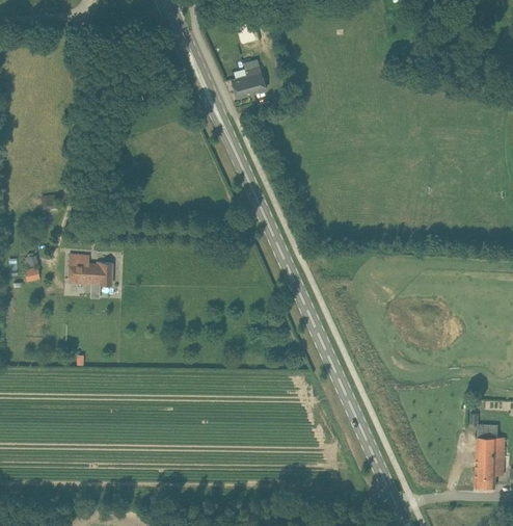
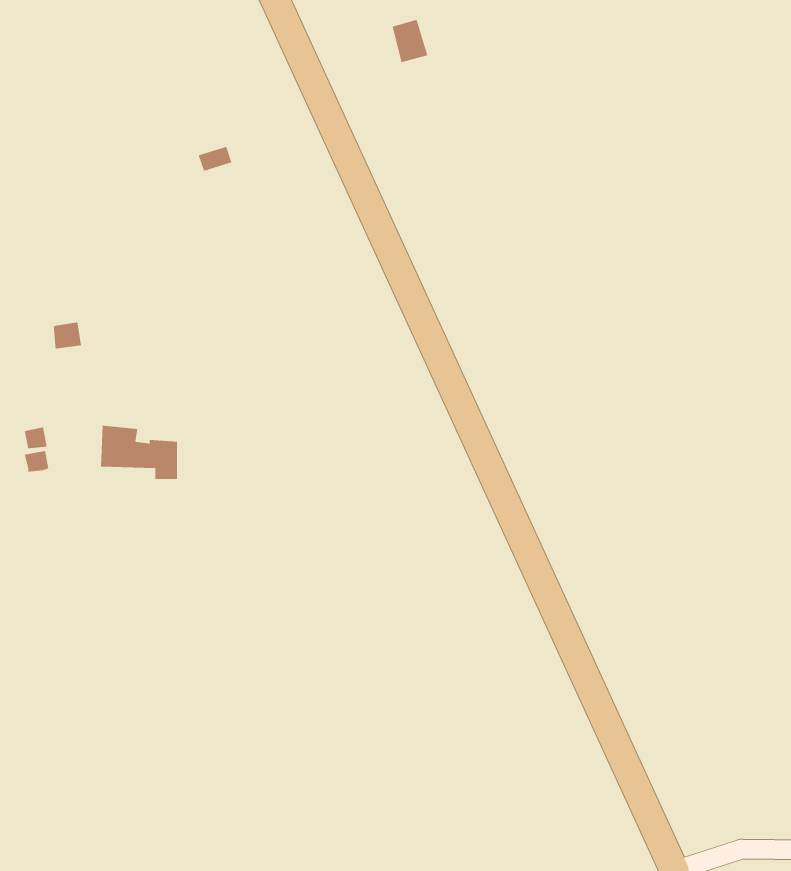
building: [231,60,265,100] -> none

